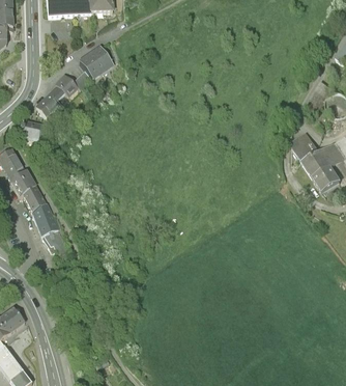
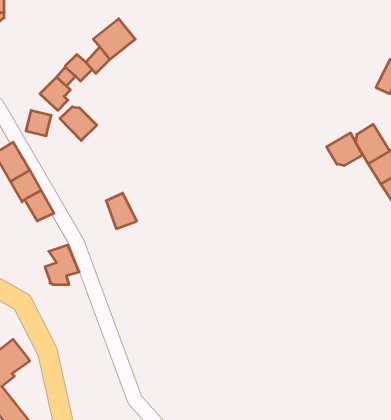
building: none -> [60,107,97,141]
building: none -> [327,133,363,166]
building: [33,203,58,232] -> [106,193,137,229]

